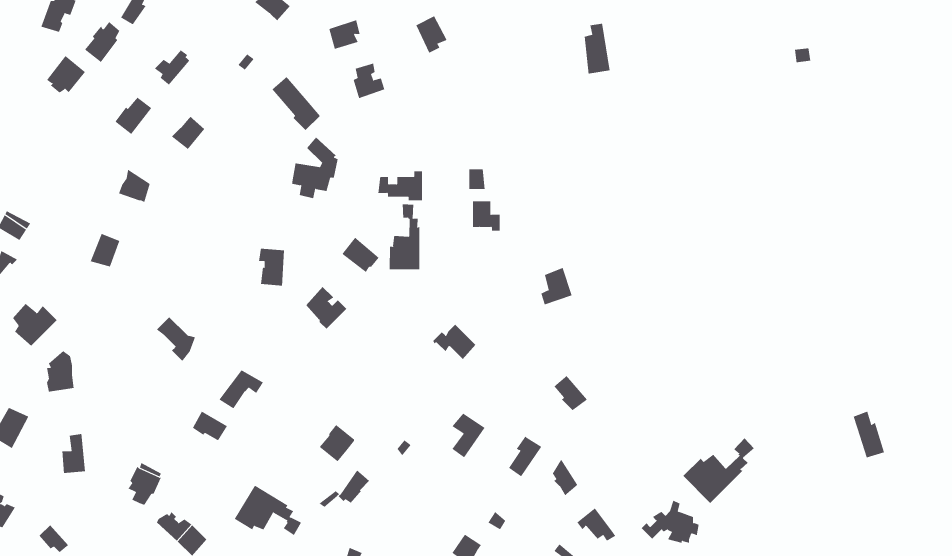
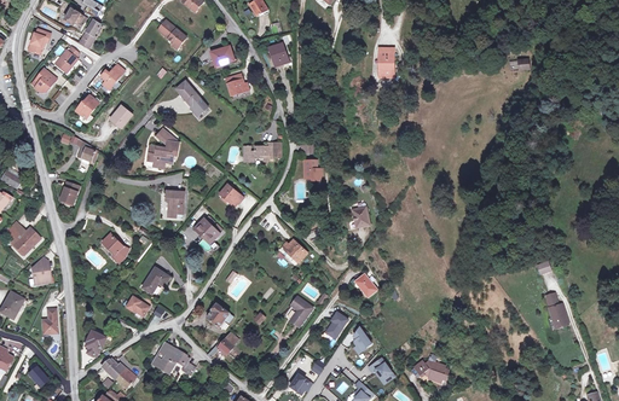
building: [291,136,338,199] -> [147,129,178,169]
building: [389,204,420,270] -> none
building: [682,438,755,504] -> none

